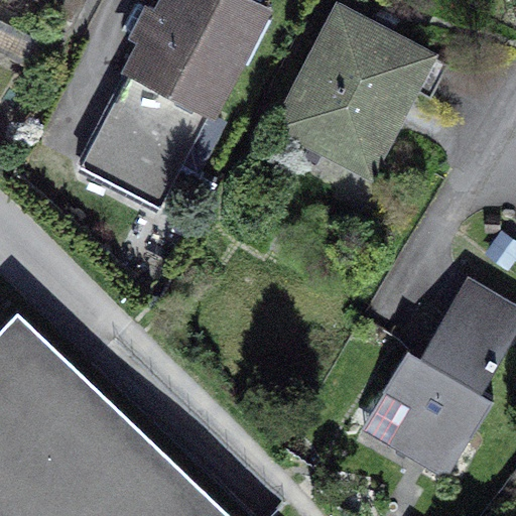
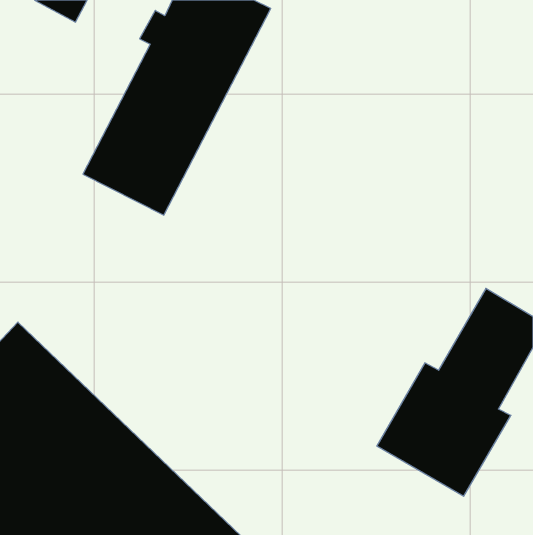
building: [277,12,445,175] -> none

